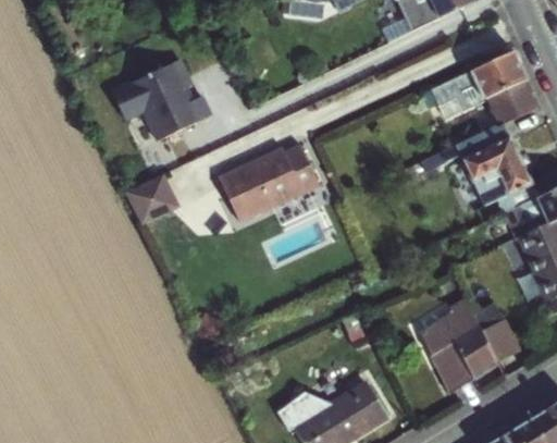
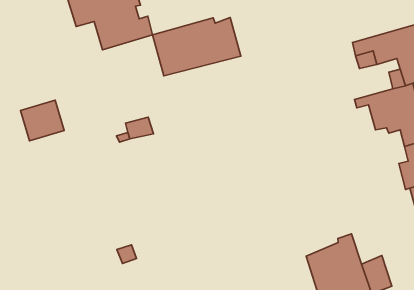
building: [219,145,319,220] -> [153,18,241,76]
building: [126,175,177,224] -> [21,100,64,141]

